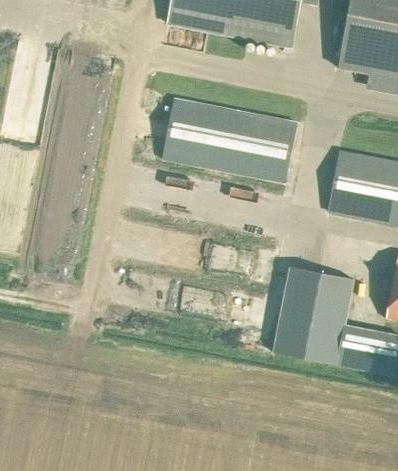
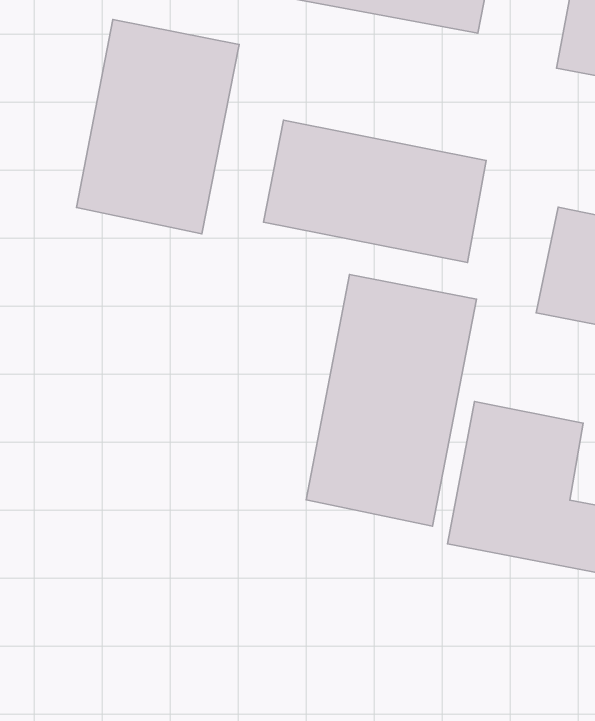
building: none -> [76,20,239,234]
building: none -> [306,275,477,526]

